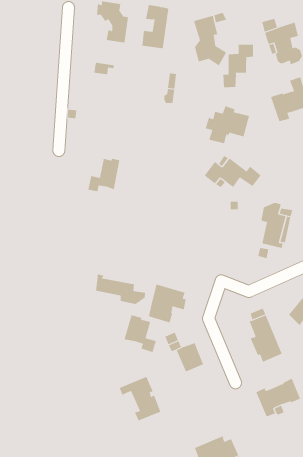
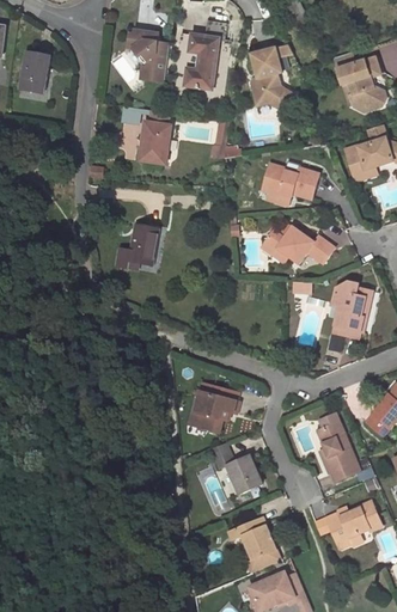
building: none -> [19,53,49,93]
building: [223,44,254,88] -> none
building: none -> [139,111,170,164]
building: [95,273,145,305] -> none
building: [124,314,156,353] -> none
building: [119,376,161,421] -> [227,516,280,573]

